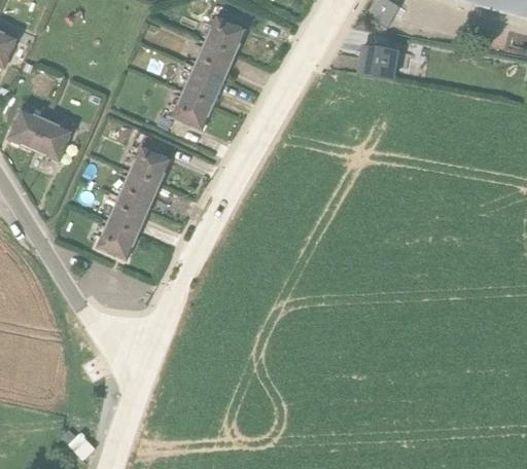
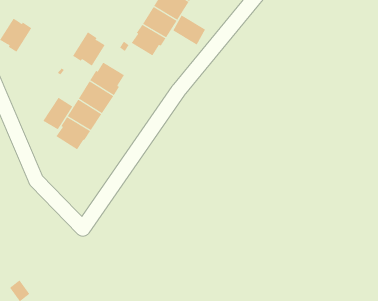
building: [356,42,398,79] -> none
building: none -> [172,15,206,45]
building: [32,117,71,159] -> [72,32,105,67]
building: none -> [43,97,73,130]

